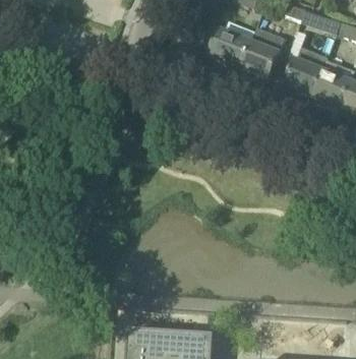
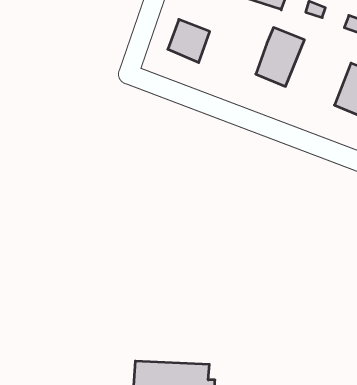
building: [212,29,250,69] -> [168,19,210,63]
building: [284,46,329,98] -> none

